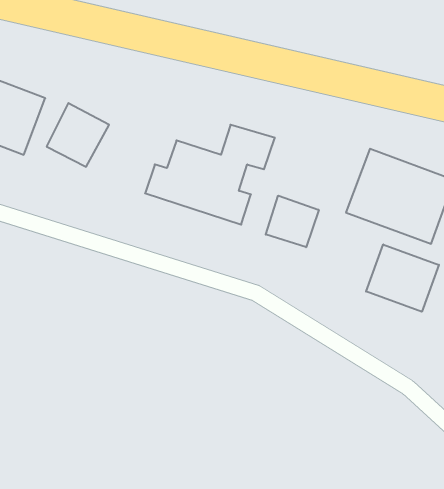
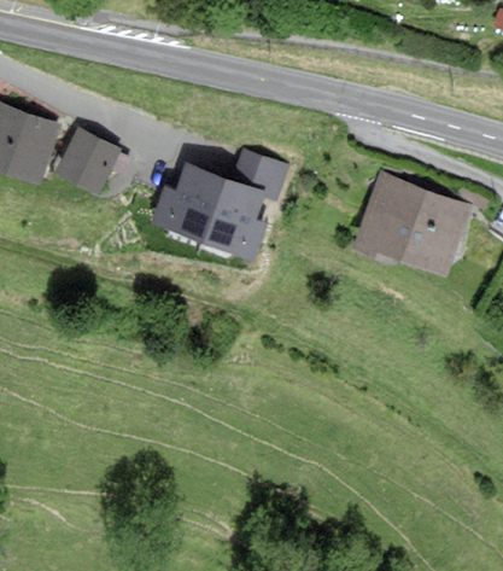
building: [266,196,319,247] -> none
building: [366,244,439,312] -> none

